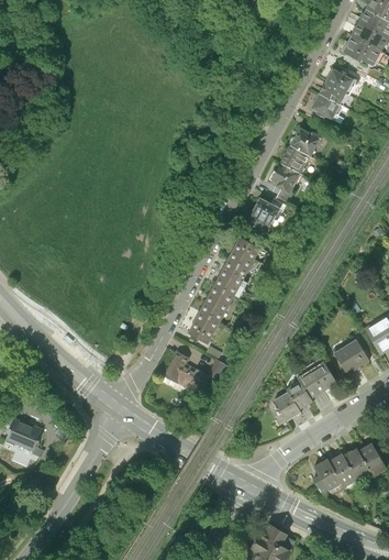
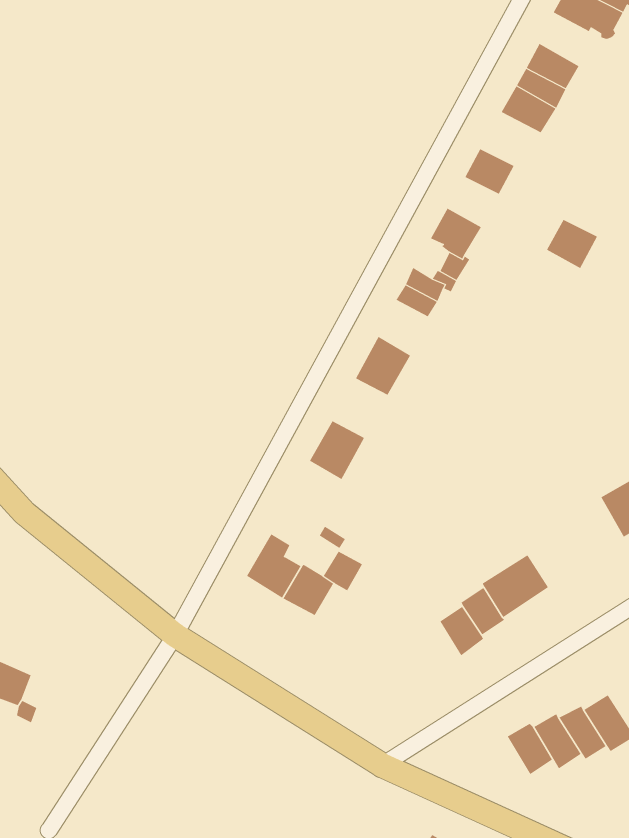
building: [279,146,309,175] -> [546,219,598,269]
building: [213,262,245,296] -> none
building: [187,309,219,344] -> none
building: [334,341,368,373] -> none

